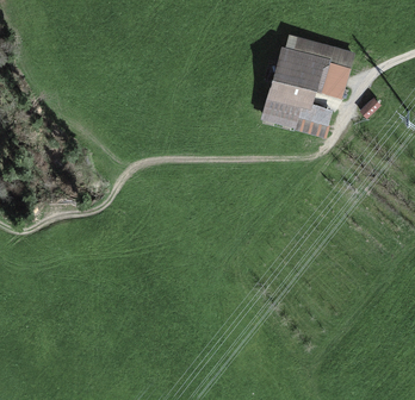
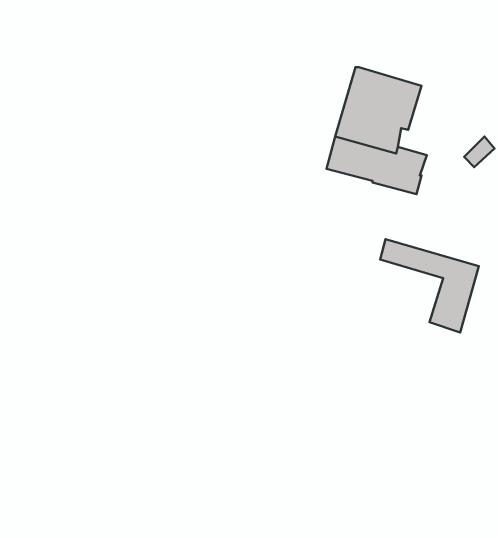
building: [284,33,353,99] -> [380,239,479,332]

